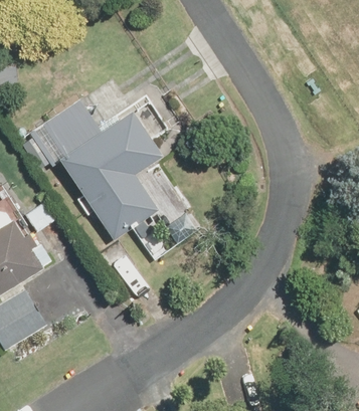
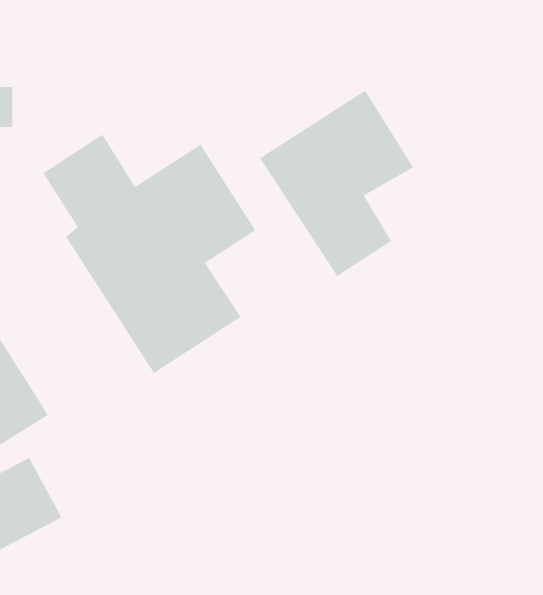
building: none -> [259,90,414,277]

